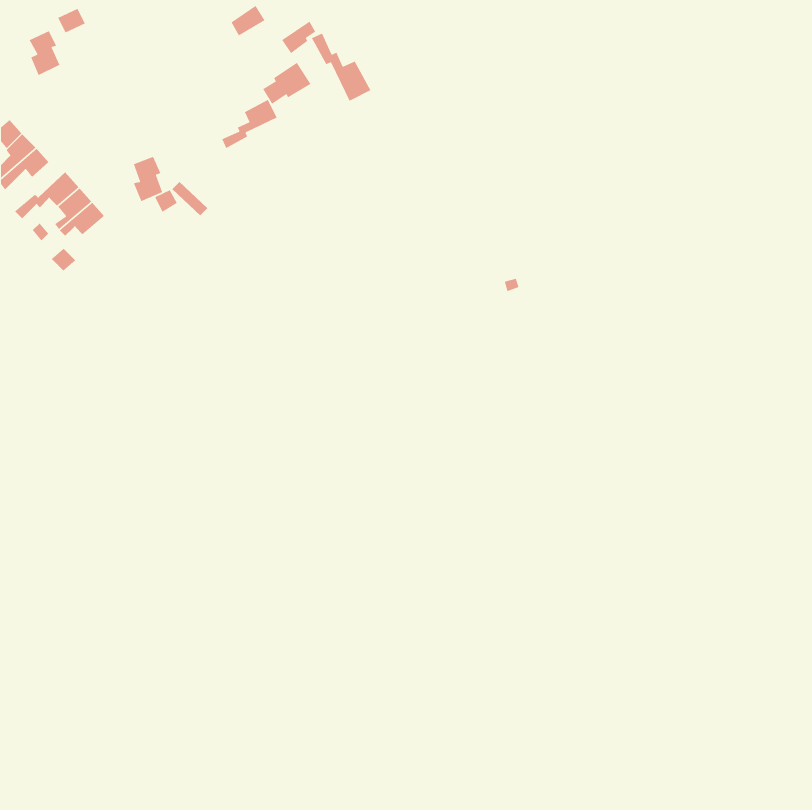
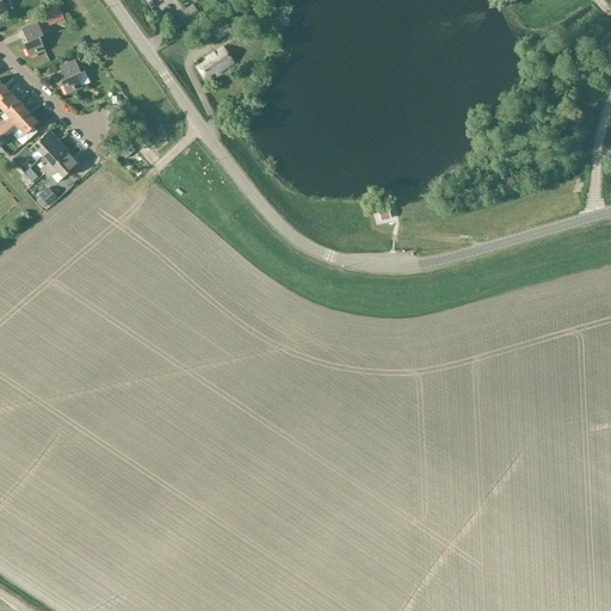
building: [311,32,371,102] -> none
building: [221,99,278,149] -> none
building: [133,156,163,202] -> [60,60,82,94]

